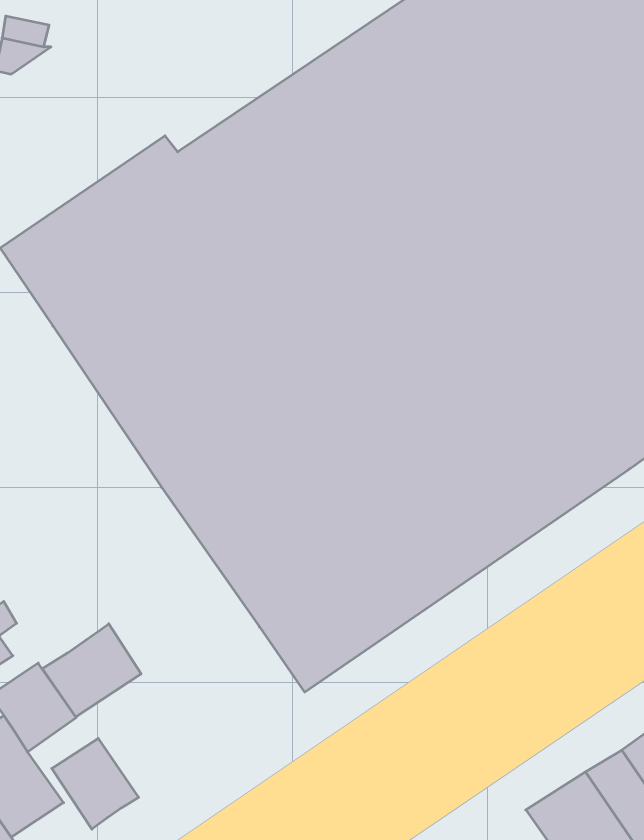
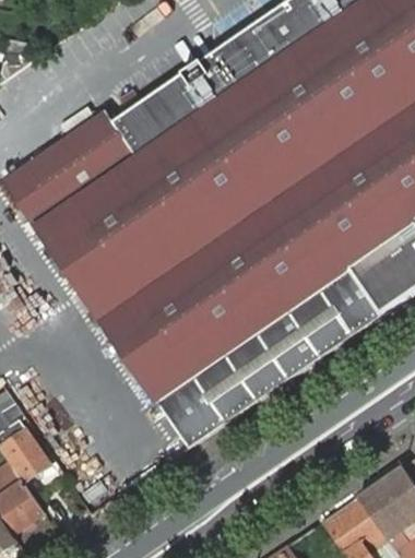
building: [43,624,141,717] -> none
building: [52,738,139,829] -> none

